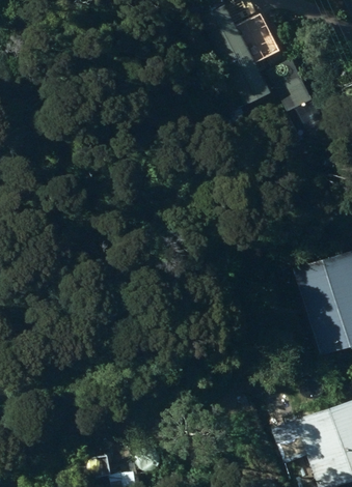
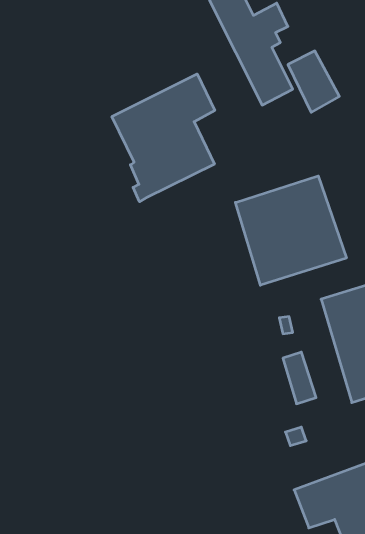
building: none -> [112,74,215,202]
building: none -> [235,176,346,285]

